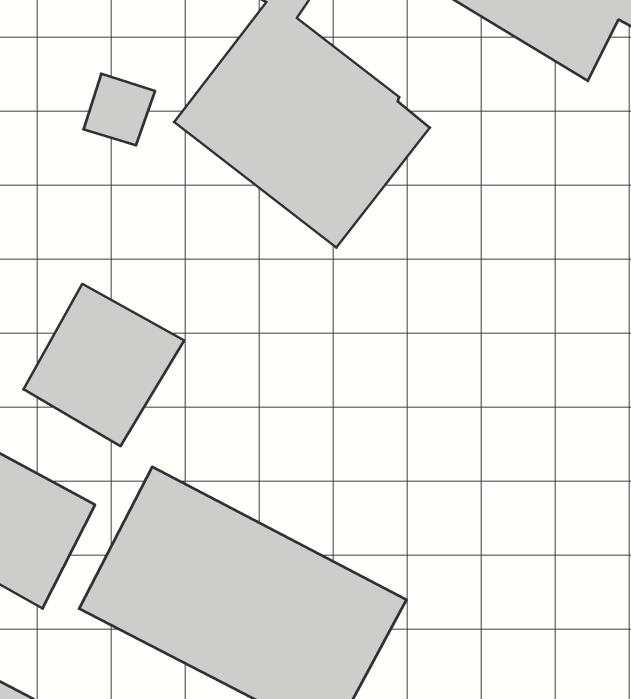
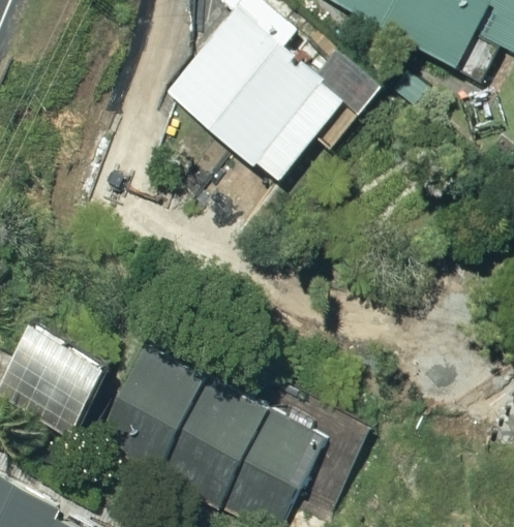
building: [23,284,184,446] -> none

